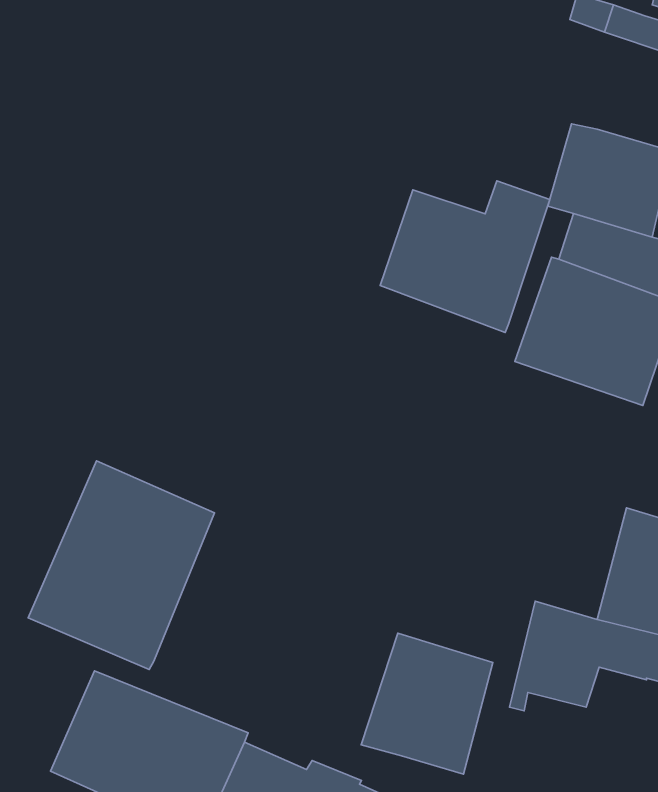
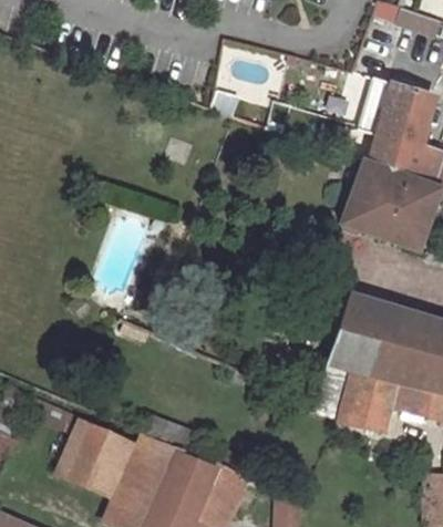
building: [380,181,550,333] -> none
building: [28,461,215,670] -> none
building: [361,633,493,774] -> [328,295,408,380]

